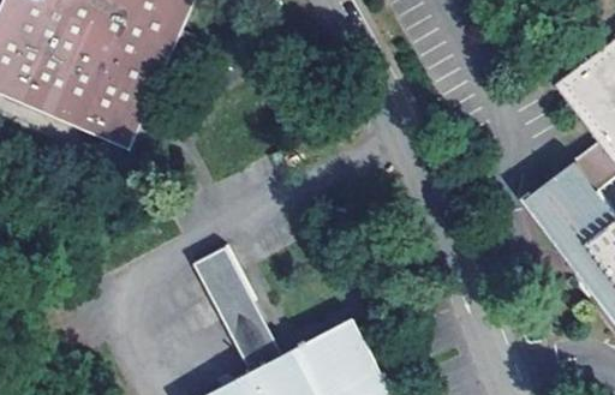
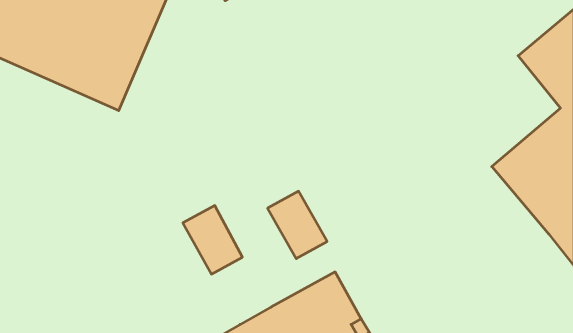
building: [223,304,286,375] -> [268,191,327,259]

